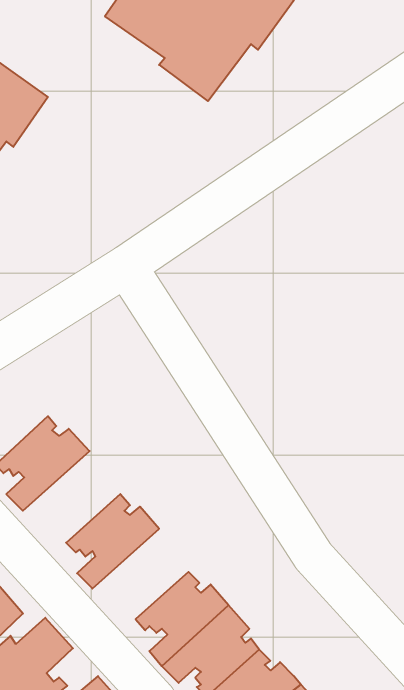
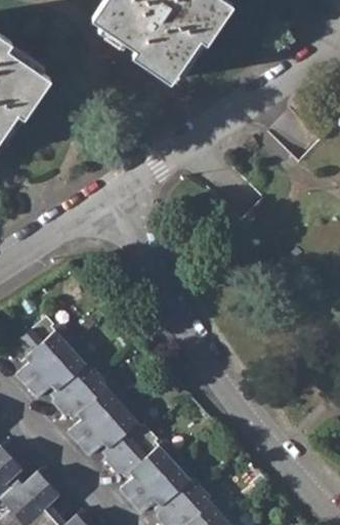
building: none -> [31,346,102,413]
building: none -> [82,403,153,470]

